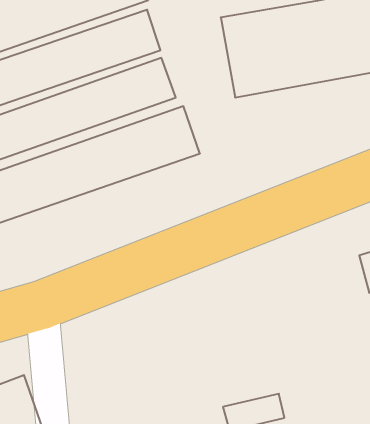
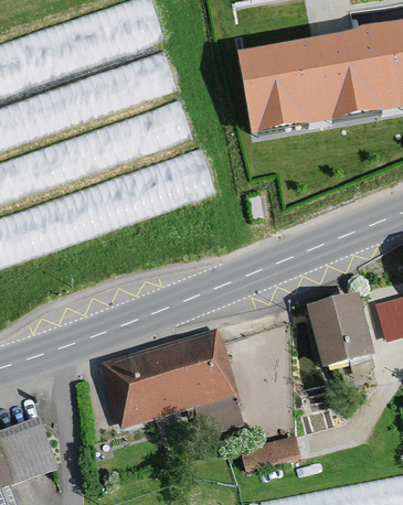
building: none -> [307,296,374,370]
building: none -> [100,330,236,431]

